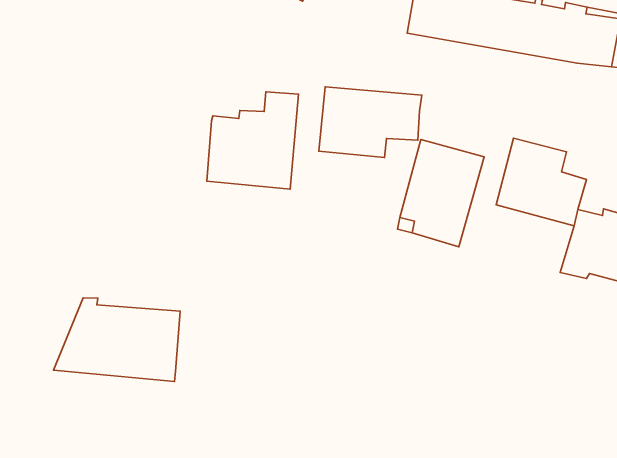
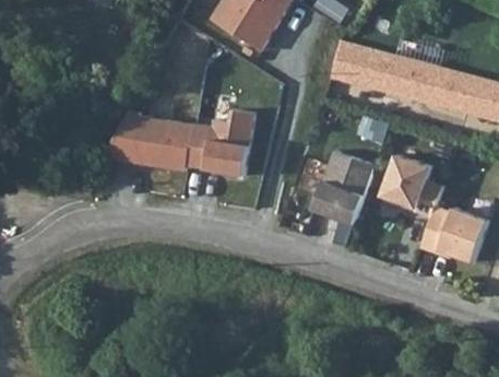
building: [319,87,422,157] -> none
building: [53,298,180,381] -> [105,111,193,173]

